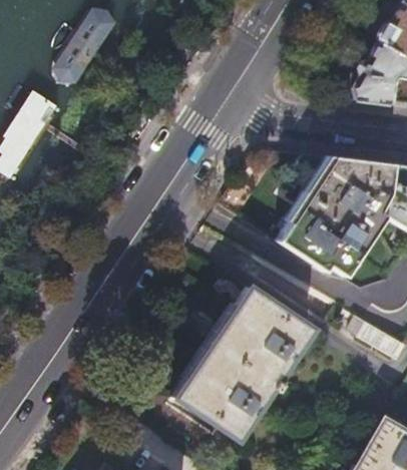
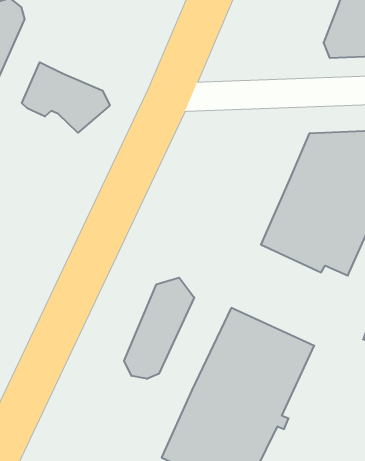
building: none -> [22,62,110,133]
building: none -> [124,278,194,379]

